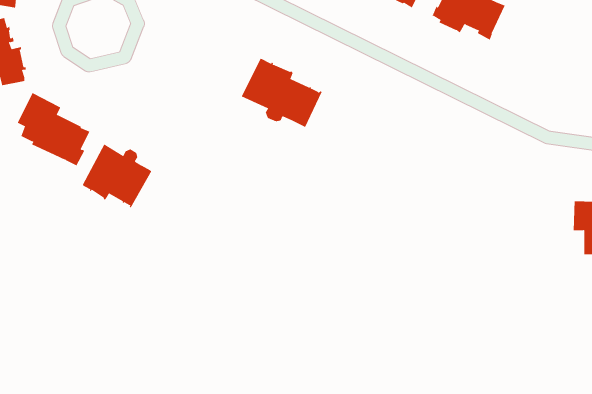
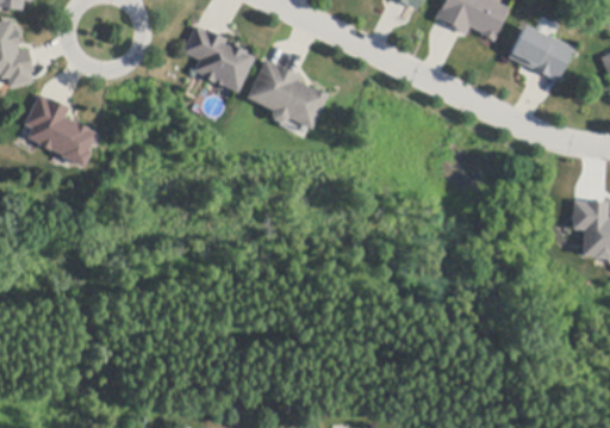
building: none -> [183,25,255,92]
building: none -> [509,25,574,81]
building: [82,144,152,209] -> none

